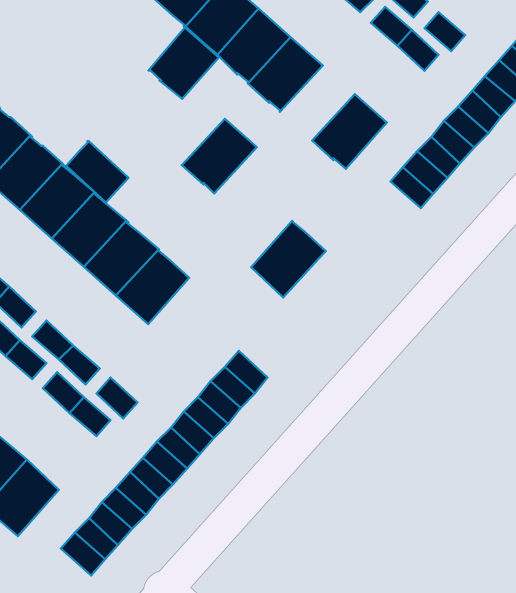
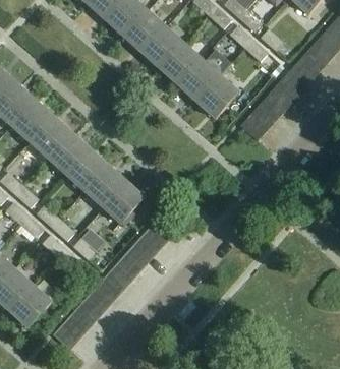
building: [149,28,219,99] -> none
building: [182,119,257,194] -> [177,58,220,101]
building: [66,141,129,203] -> none
building: [251,221,326,298] -> [102,179,145,223]

